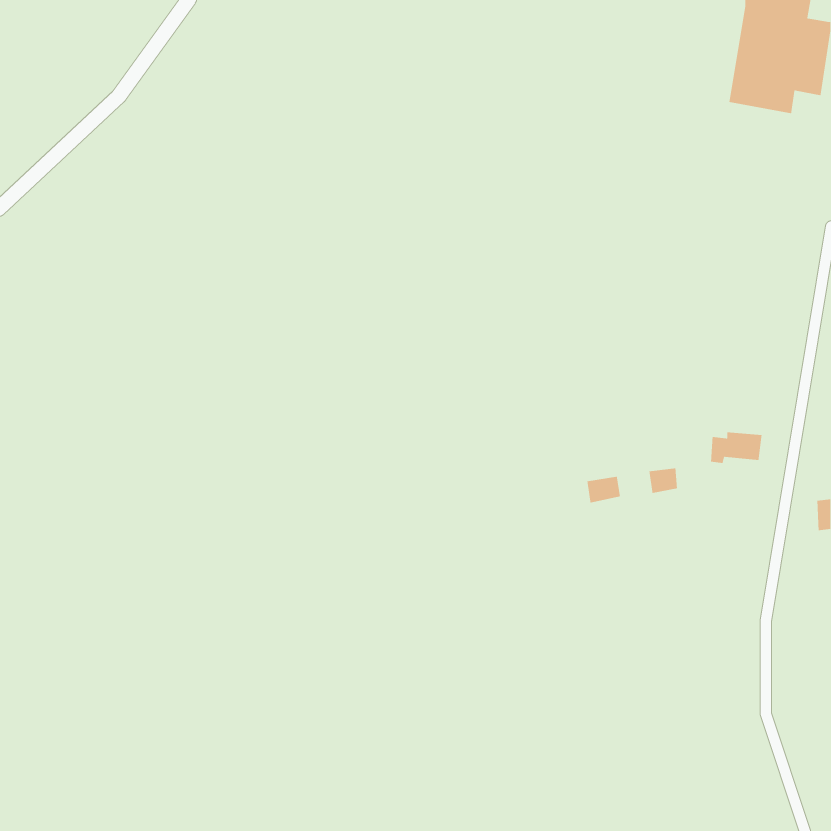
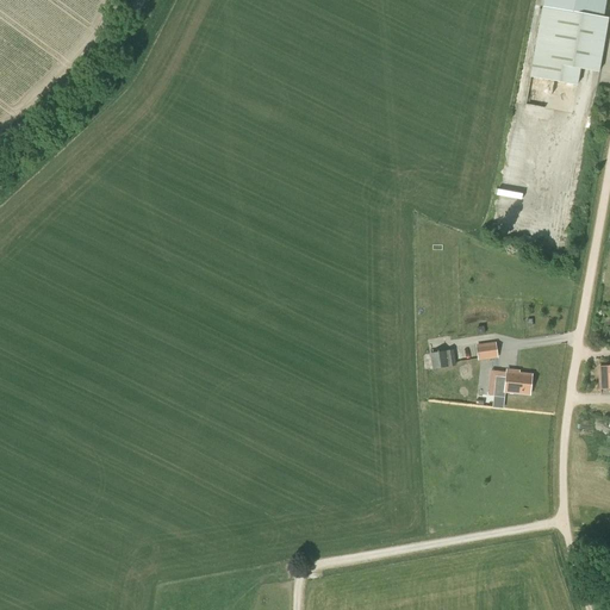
building: [710,431,762,464] -> [493,372,531,396]

